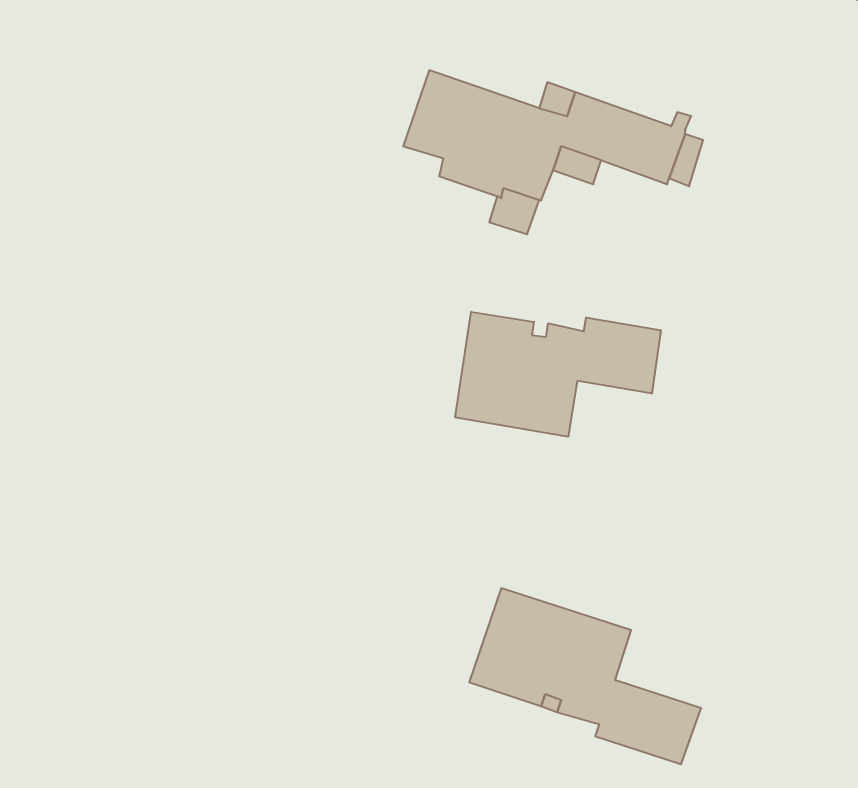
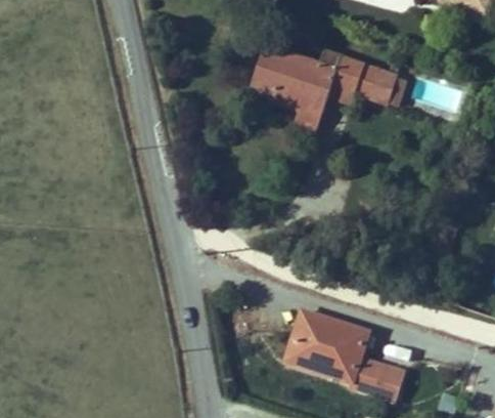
building: [455,312,661,437] -> none

